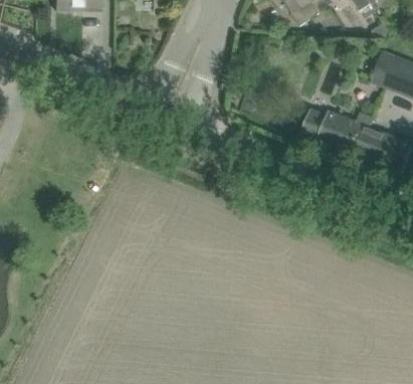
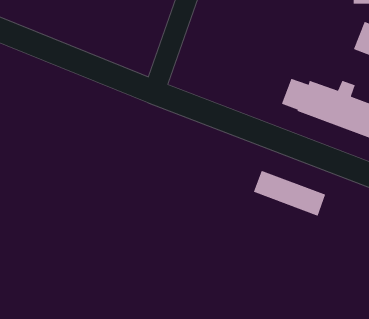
building: none -> [253,170,326,217]

